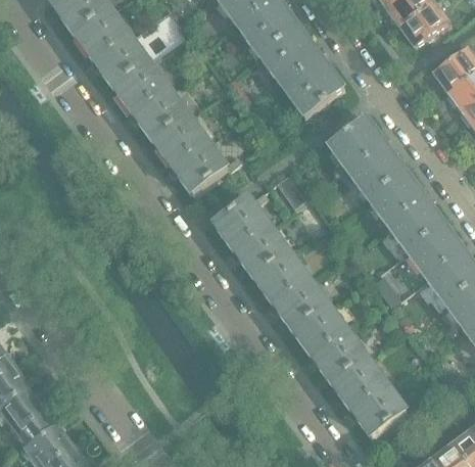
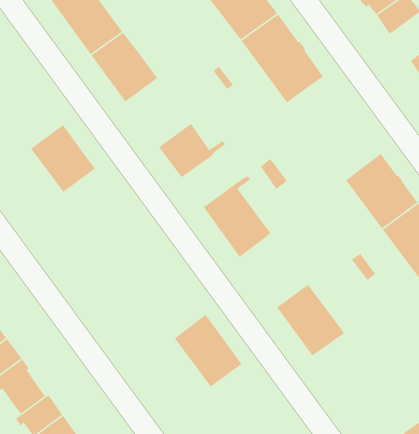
building: [135,89,204,161] -> [30,124,96,193]
building: [328,115,405,196] -> none
building: [255,252,328,330] -> [174,314,242,387]
building: [332,358,407,439] -> none

